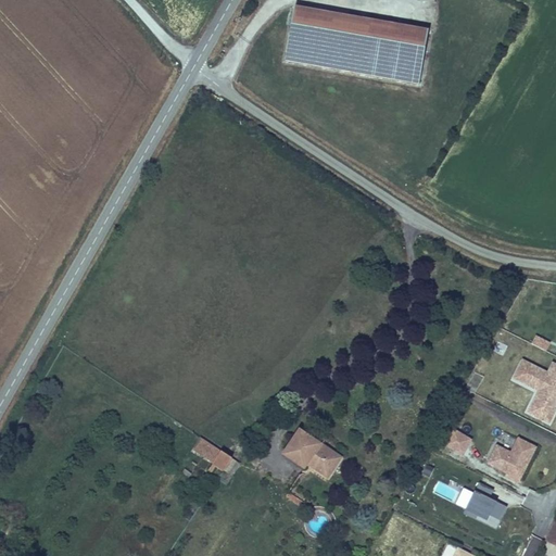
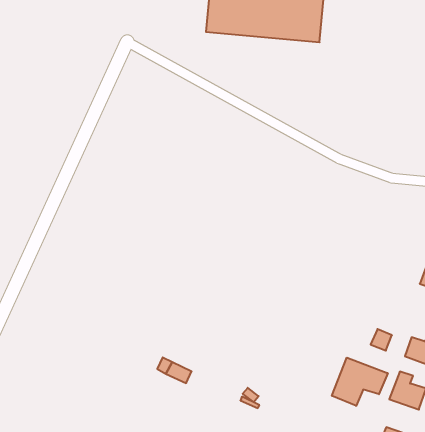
building: [283,430,340,476] -> none
building: none -> [332,358,388,406]

